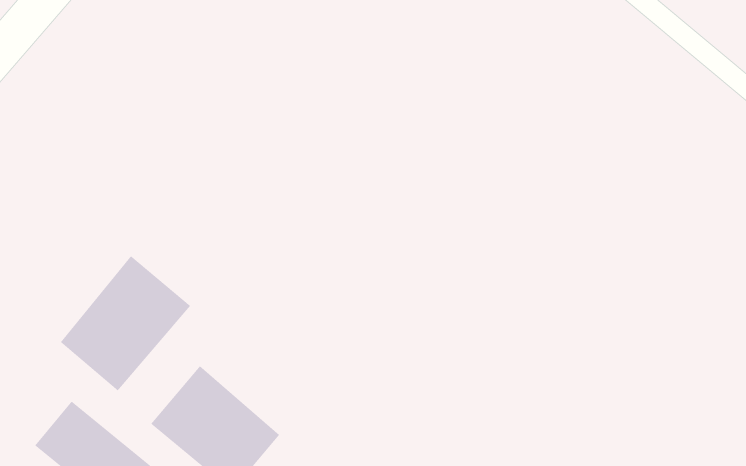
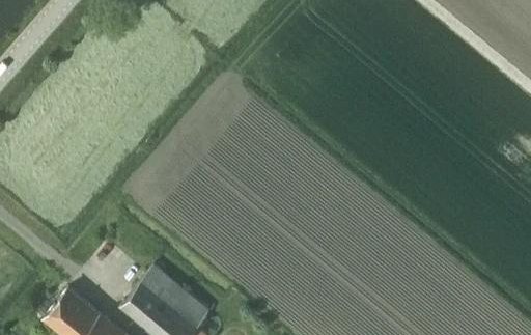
building: [60,255,191,392] -> none

